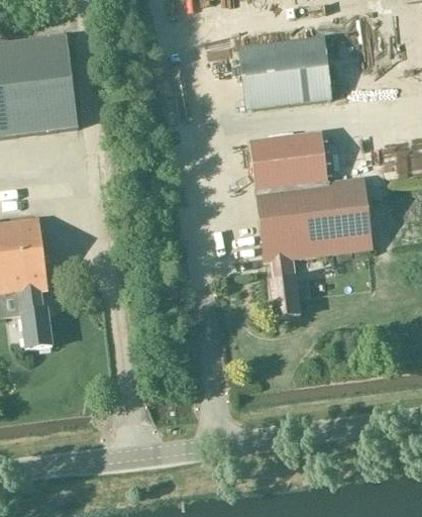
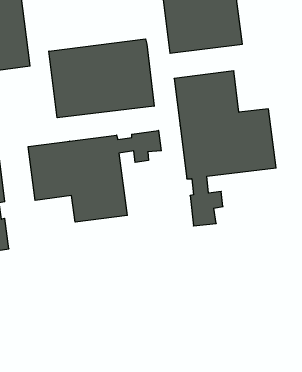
building: none -> [49,39,154,118]
building: none -> [28,130,161,222]

